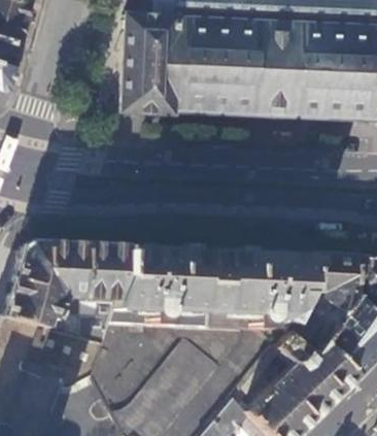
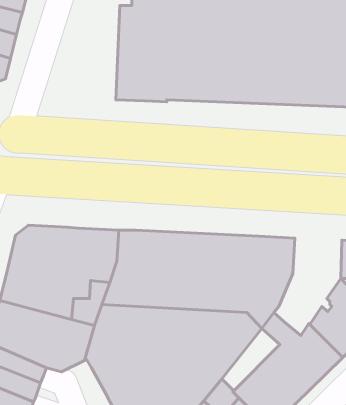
building: [294,255,353,355] -> none

